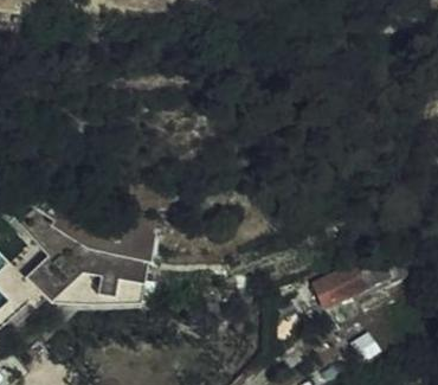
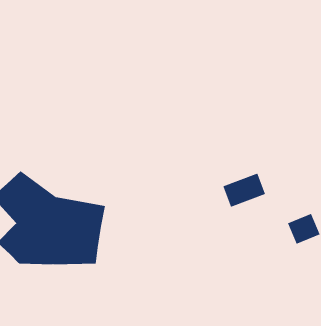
building: [315,269,366,309] -> [222,173,266,207]

